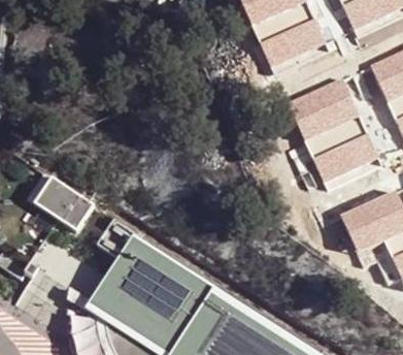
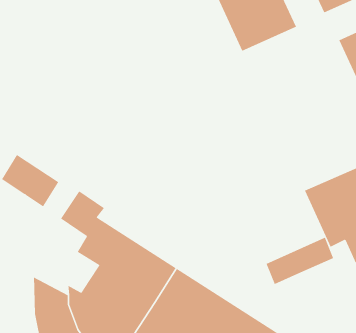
building: [287,77,381,190] -> none
building: none -> [266,237,334,285]
building: [68,273,133,317] -> none

